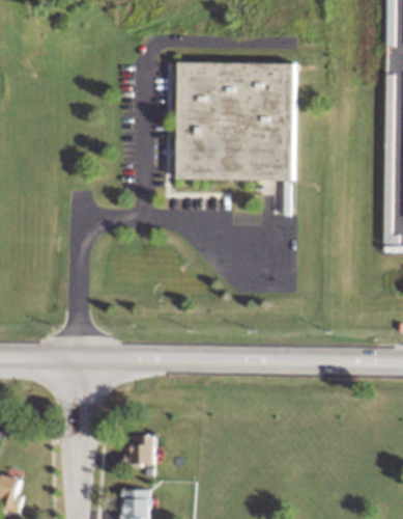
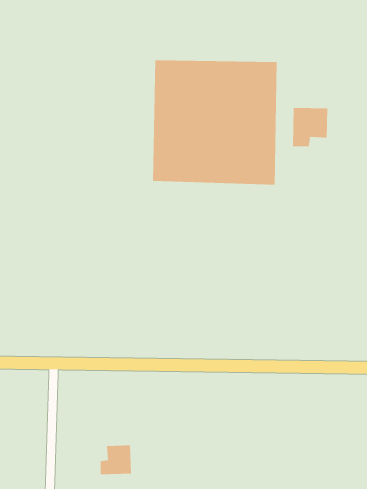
building: none -> [293,107,328,147]

